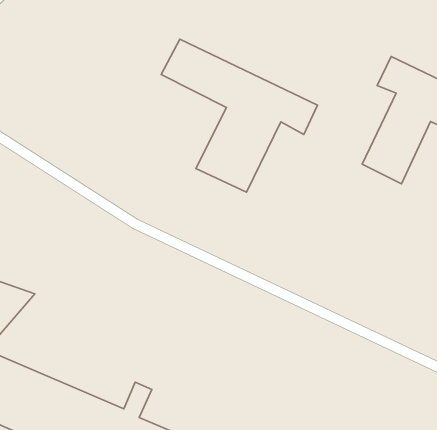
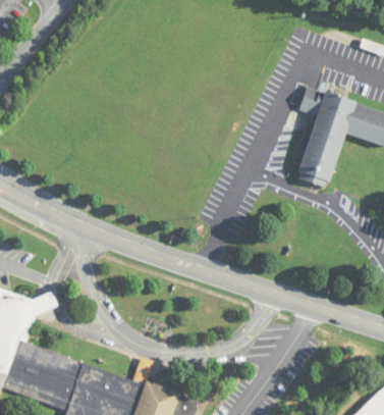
building: [161,39,318,192] -> none

